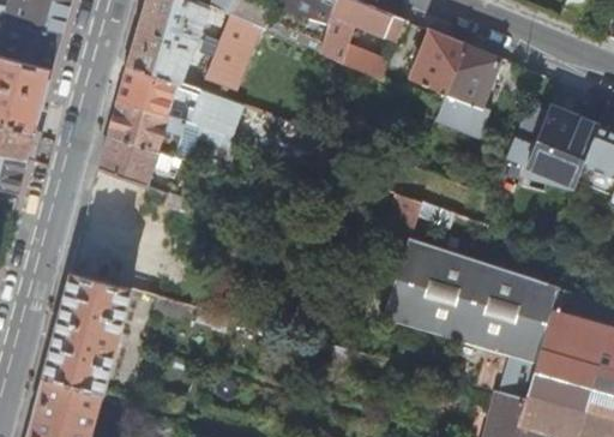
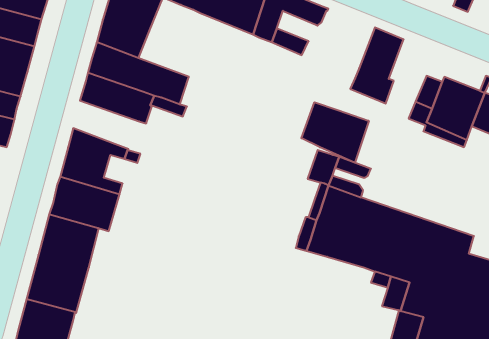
building: [206,17,254,88] -> none
building: [409,29,466,94] -> none
building: [101,133,181,185] -> none
building: none -> [301,102,369,163]

